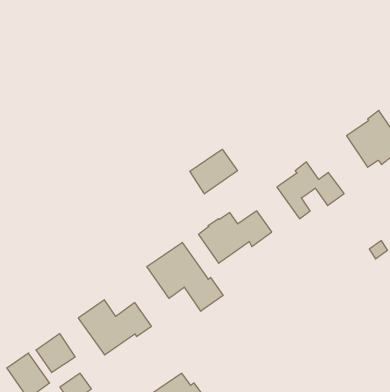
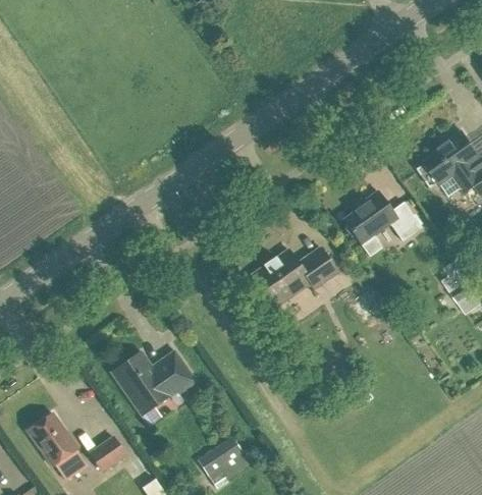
building: [190,149,237,194] -> none
building: [147,242,223,311] -> none
building: [36,334,75,373] -> none

